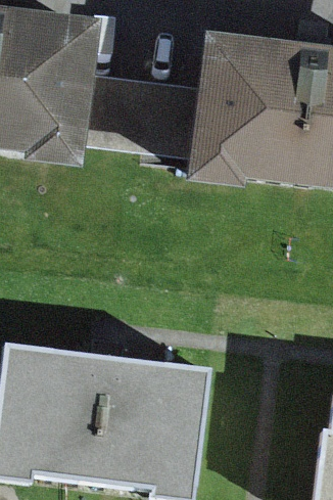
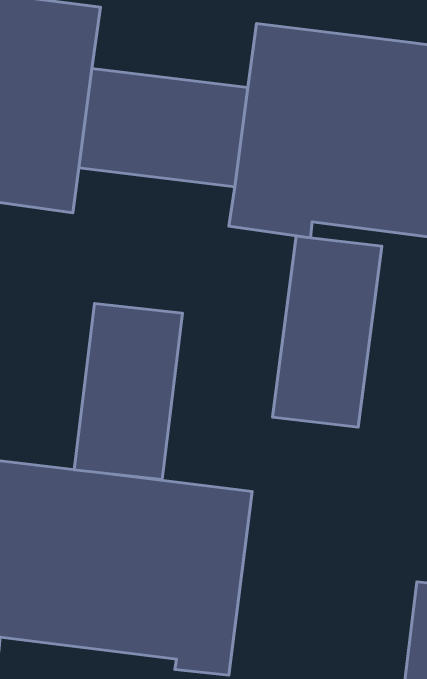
building: none -> [272,236,382,427]
building: none -> [74,303,183,479]

